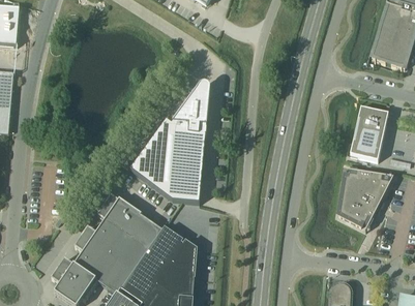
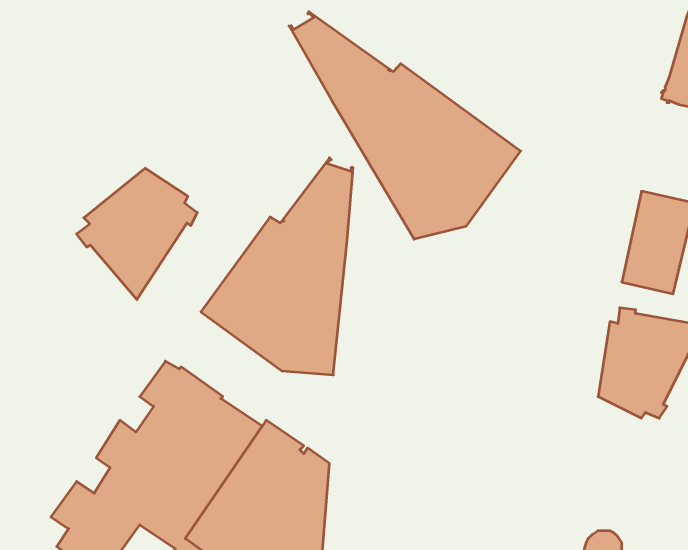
building: none -> [289,12,521,239]
building: none -> [77,168,197,300]

